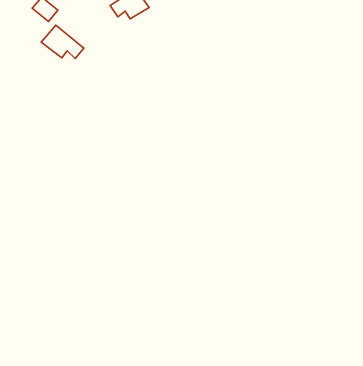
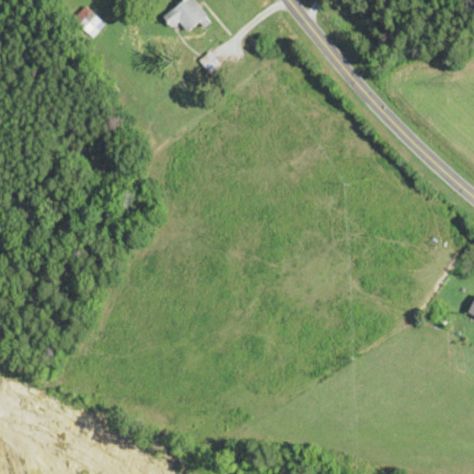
building: [41,25,84,58] -> none

